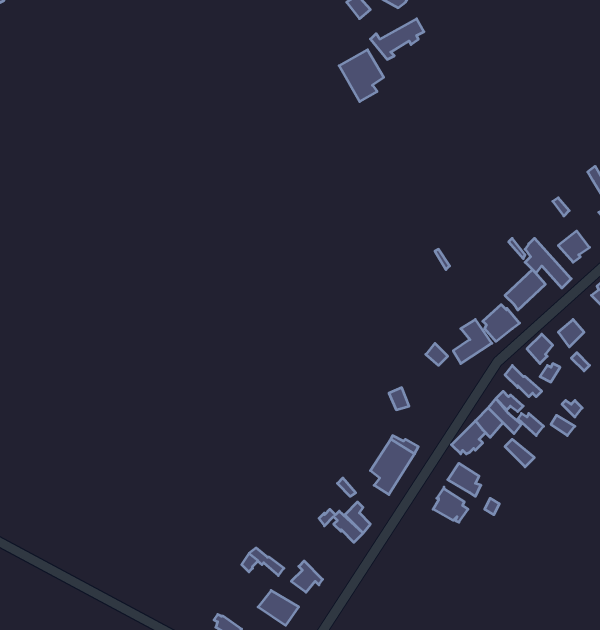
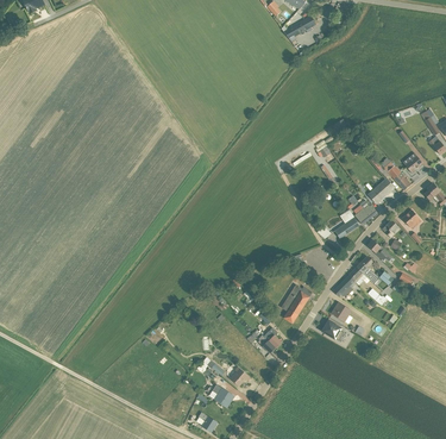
building: [339,50,384,102] -> none

